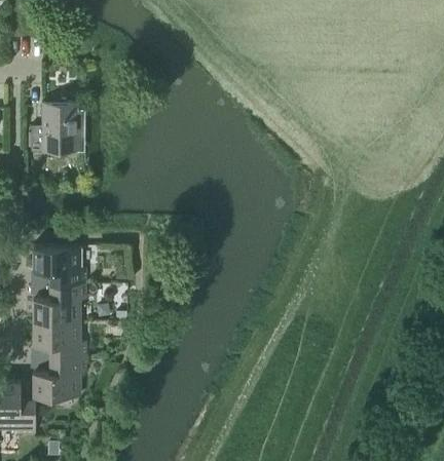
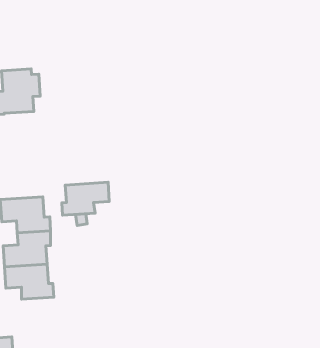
building: none -> [62,182,109,215]
building: [33,359,85,397] -> none

